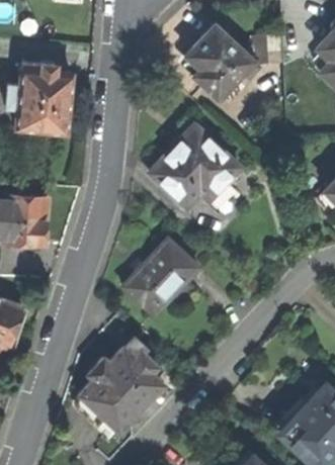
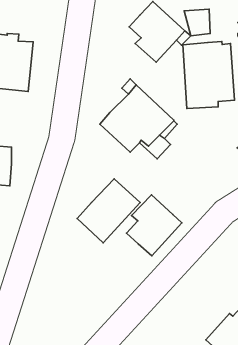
building: none -> [183,41,234,108]
building: none -> [127,195,182,256]
building: [81,346,164,429] -> none

